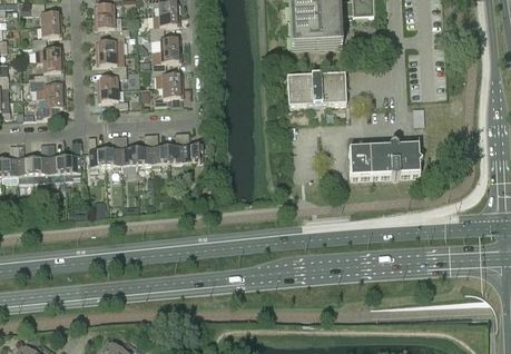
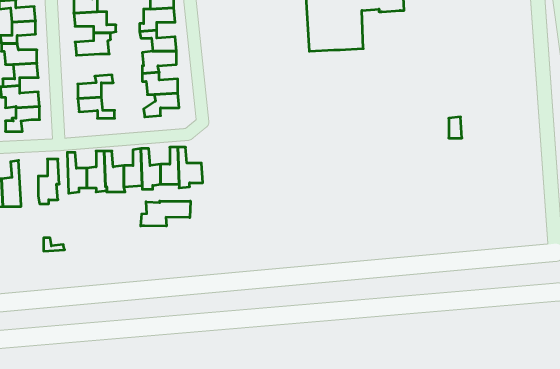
building: [96,51,126,70] -> none
building: [286,73,345,106] -> none
building: [47,141,65,179] -> none
building: [348,141,422,177] -> none
building: none -> [141,201,190,226]

